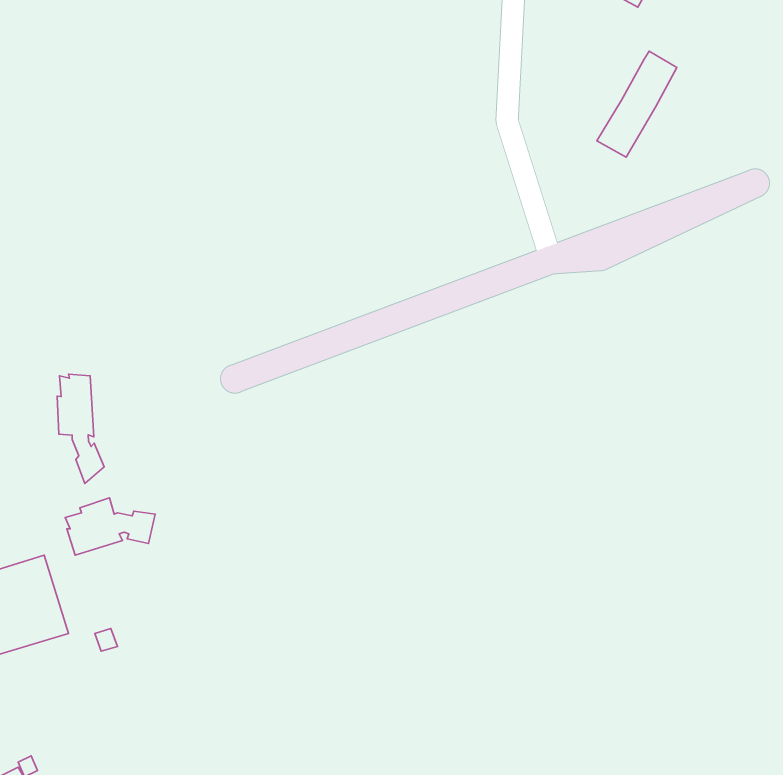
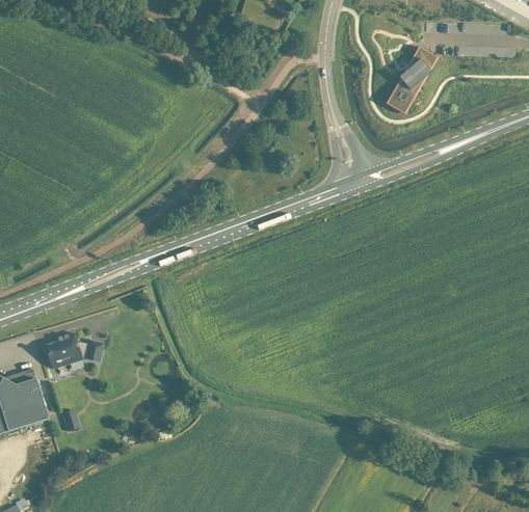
building: [57,374,104,484] -> none

